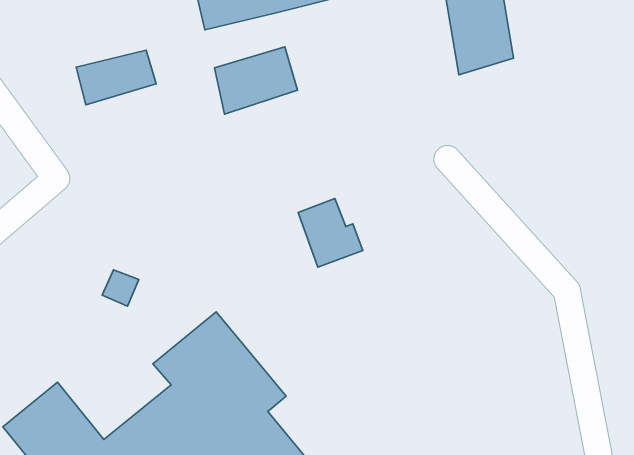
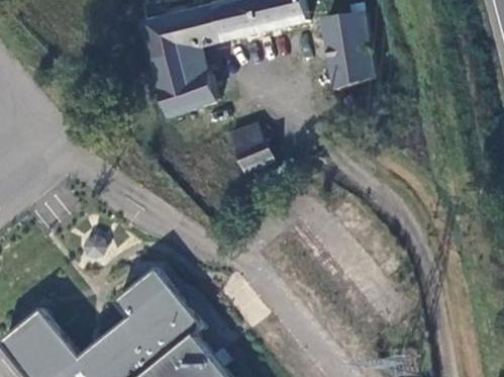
building: [76,50,156,105] -> [149,46,207,86]
building: [298,199,363,267] -> [227,123,274,173]

